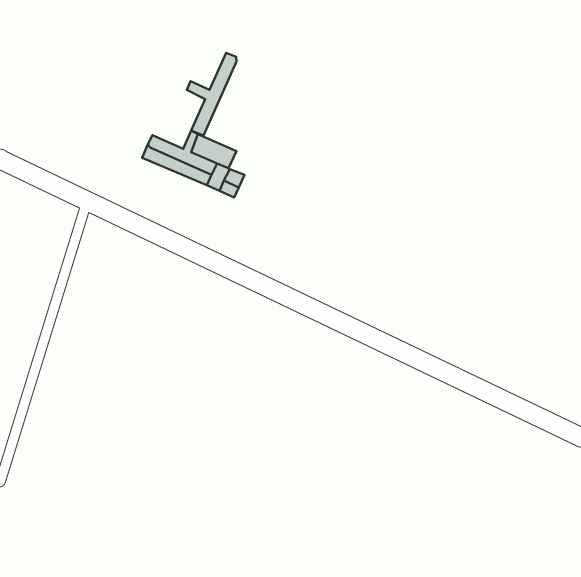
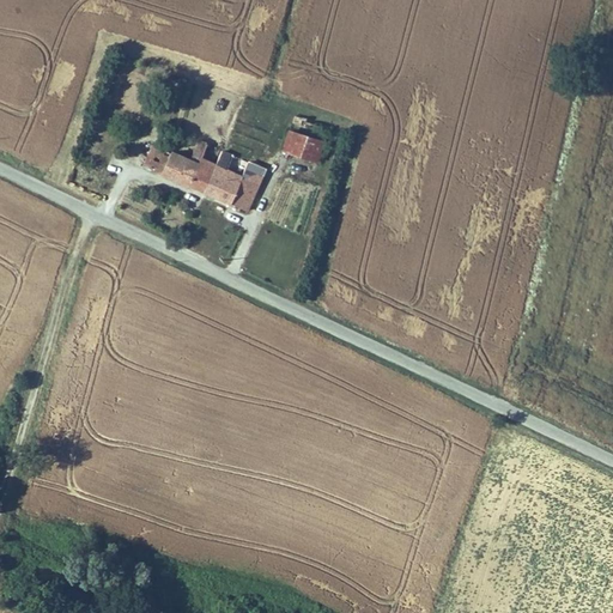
building: [187,53,237,135] -> none
building: none -> [281,131,326,166]

